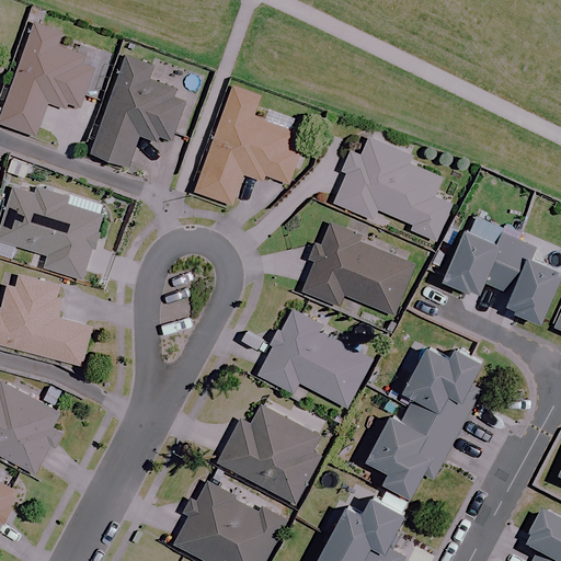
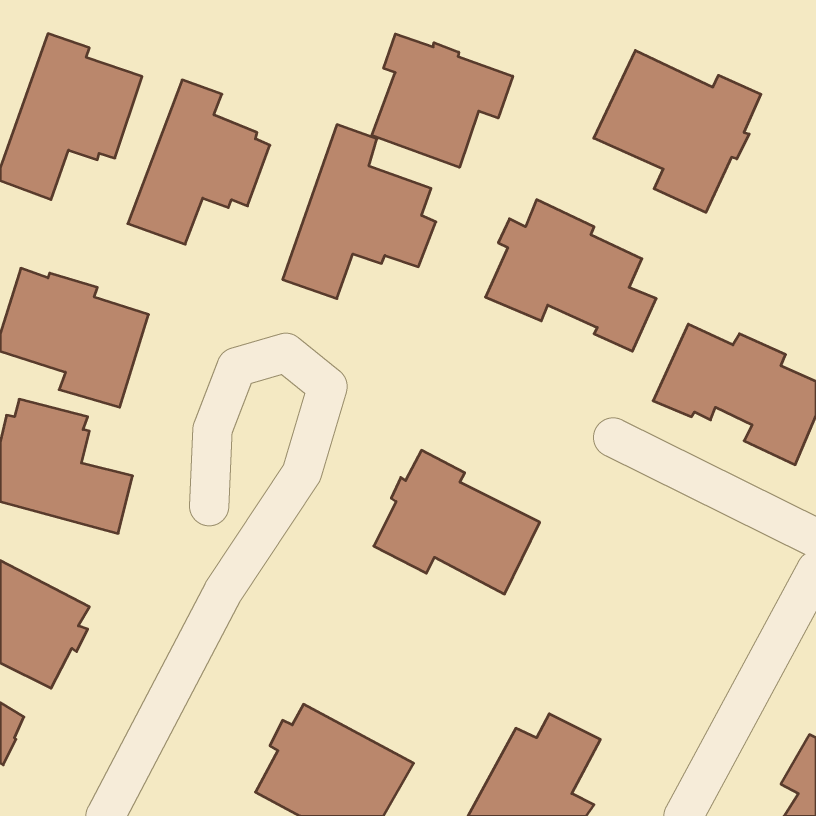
building: none -> [372,34,513,167]
building: none -> [594,50,761,212]
building: [301,222,414,314] -> none
building: [376,342,490,488] -> none
building: [217,405,319,502] -> none

